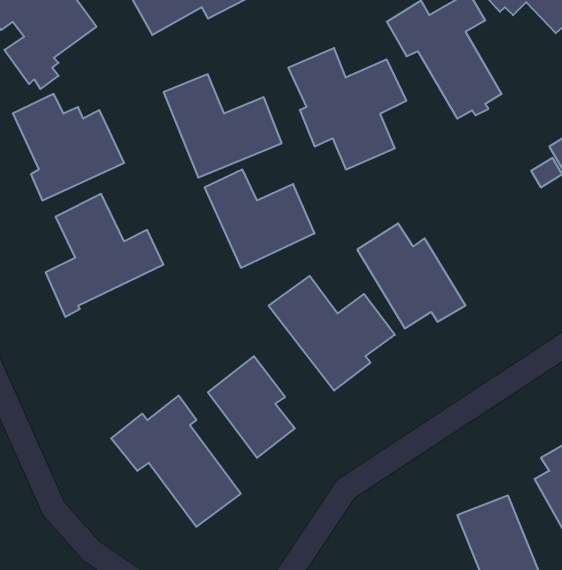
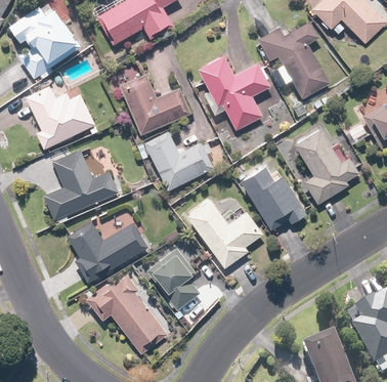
building: none -> [293,126,358,206]
building: none -> [67,219,146,284]

